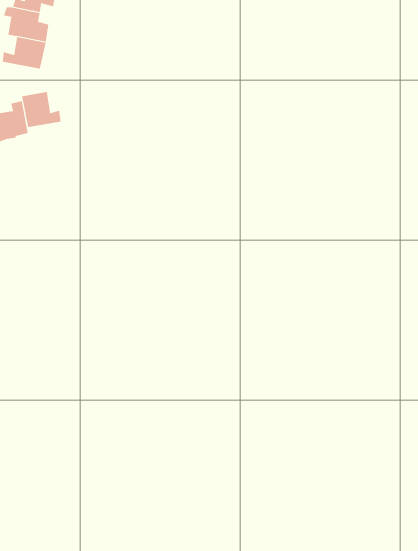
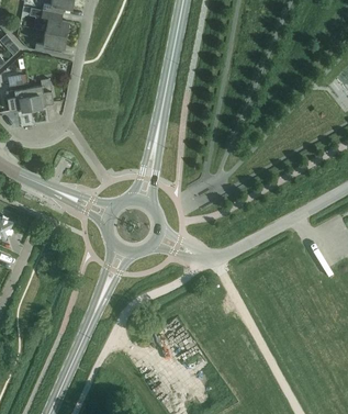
building: [22,91,61,128] -> none

